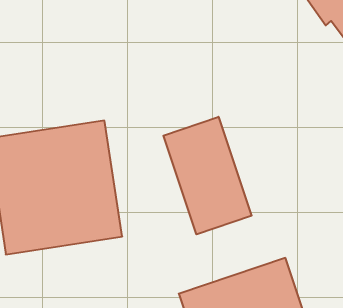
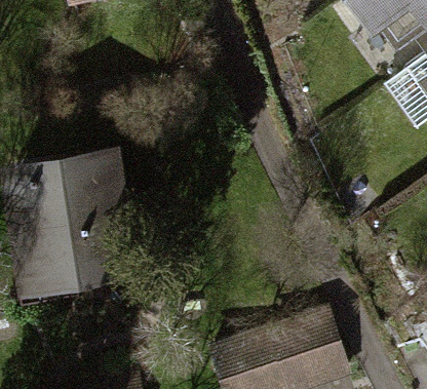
building: [163,117,252,234] -> none

